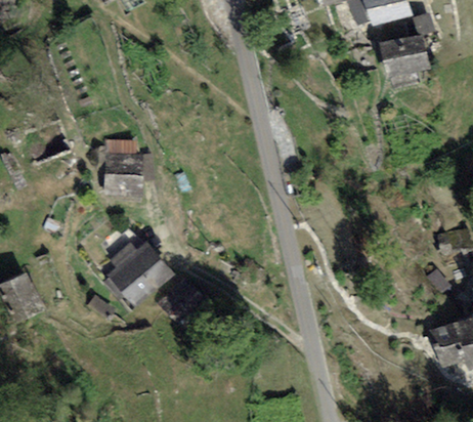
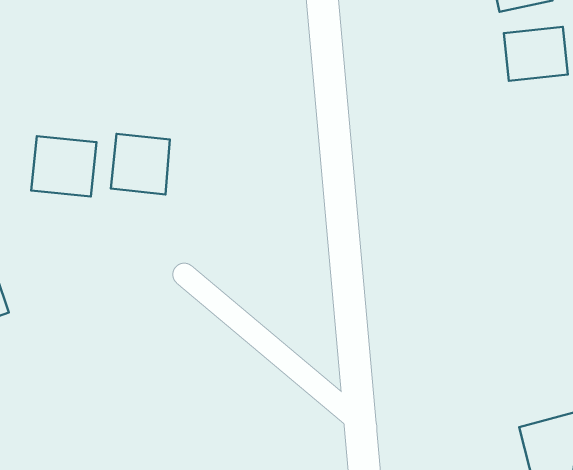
building: none -> [31,136,96,197]
building: [105,241,176,309] -> none

